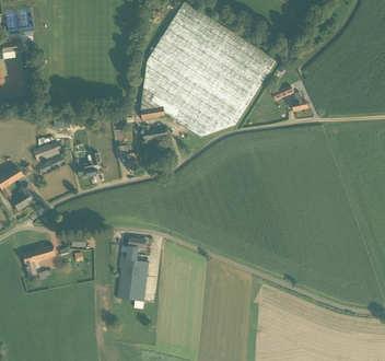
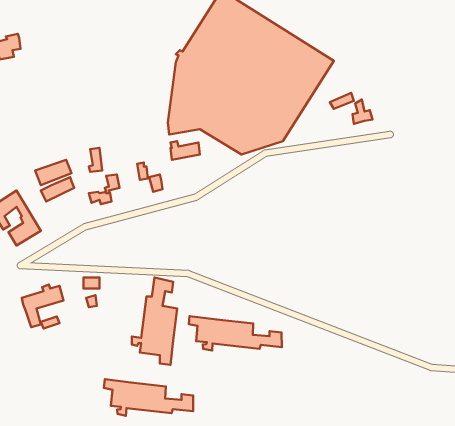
building: none -> [189,316,282,351]
building: none -> [104,379,193,416]

